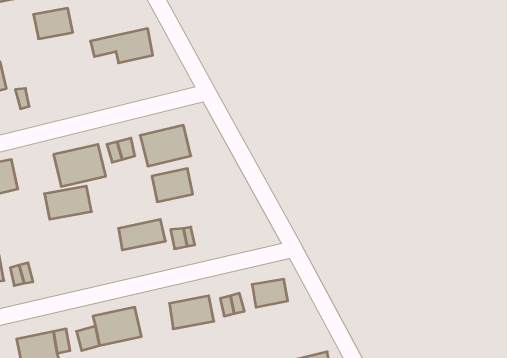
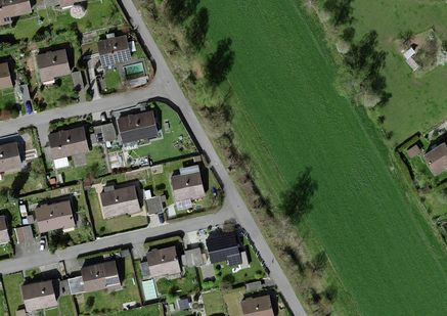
building: [33,8,73,39] -> [38,53,70,78]
building: [152,169,193,202] -> [172,174,205,200]
building: [44,186,92,219] -> [37,205,75,231]

